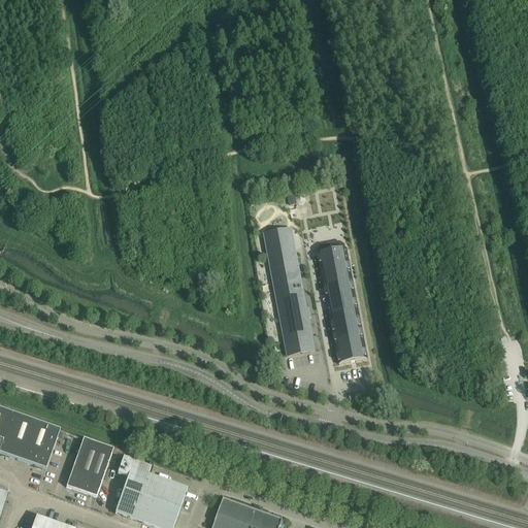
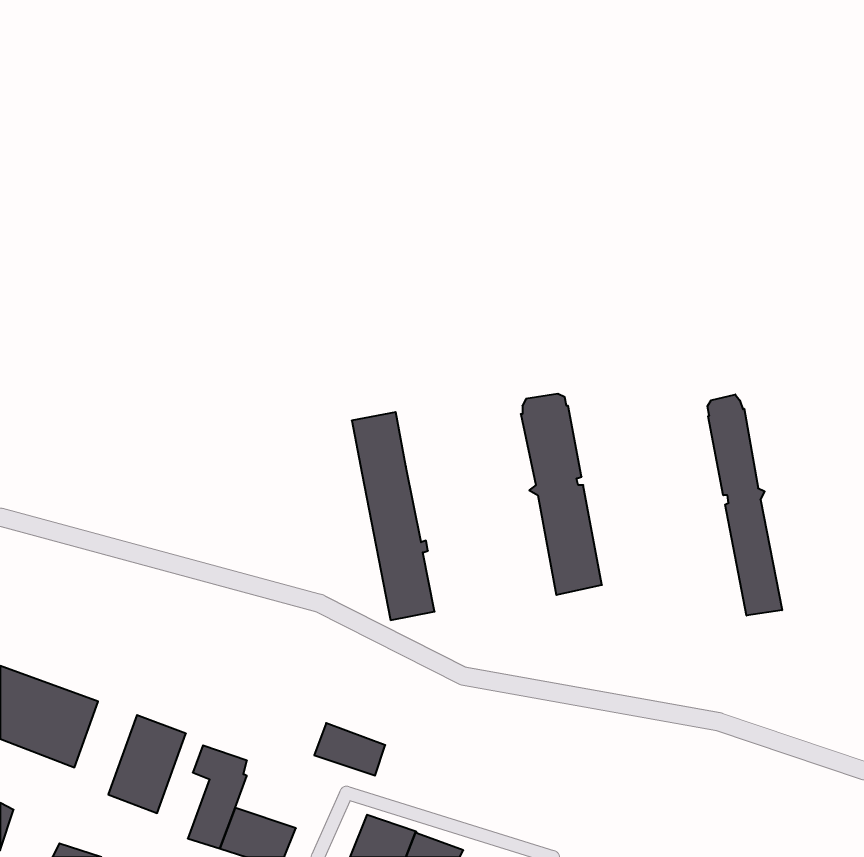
building: [264,228,315,355] -> [352,412,435,620]
building: none -> [707,394,782,616]
building: [143,473,187,505] -> [314,723,385,776]

